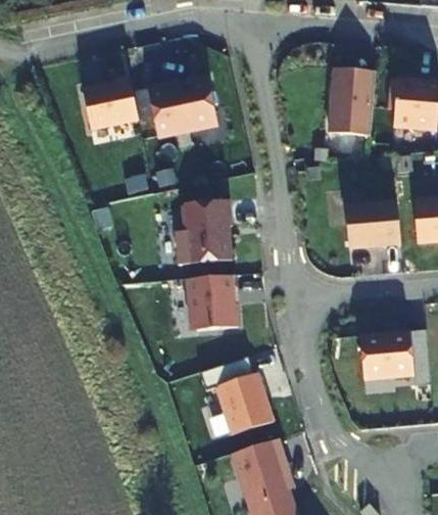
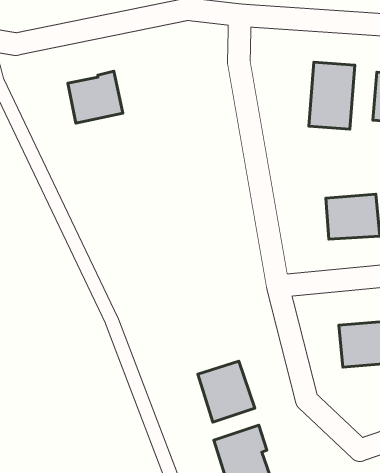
building: [147,80,216,137] -> none
building: [176,200,232,266] -> none
building: [187,276,237,331] -> none

